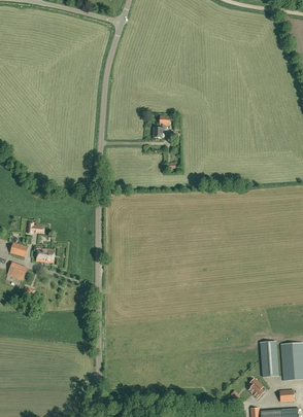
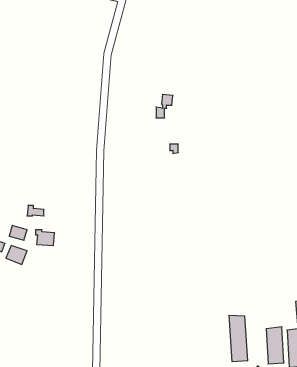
building: none -> [229,315,247,362]

